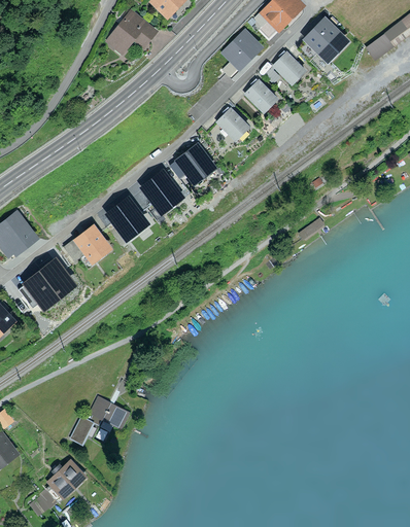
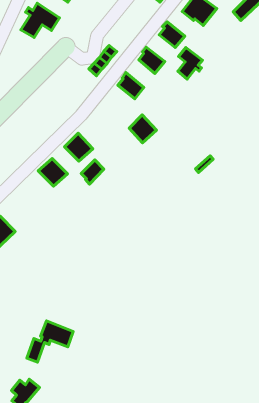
building: [225,32,260,68] -> none
building: none -> [178,47,202,79]
building: [179,146,212,180] -> [129,115,157,143]
building: none -> [81,160,104,184]
building: [76,227,108,259] -> none

